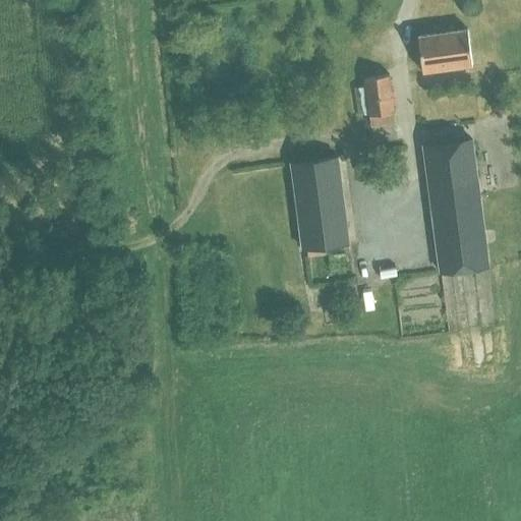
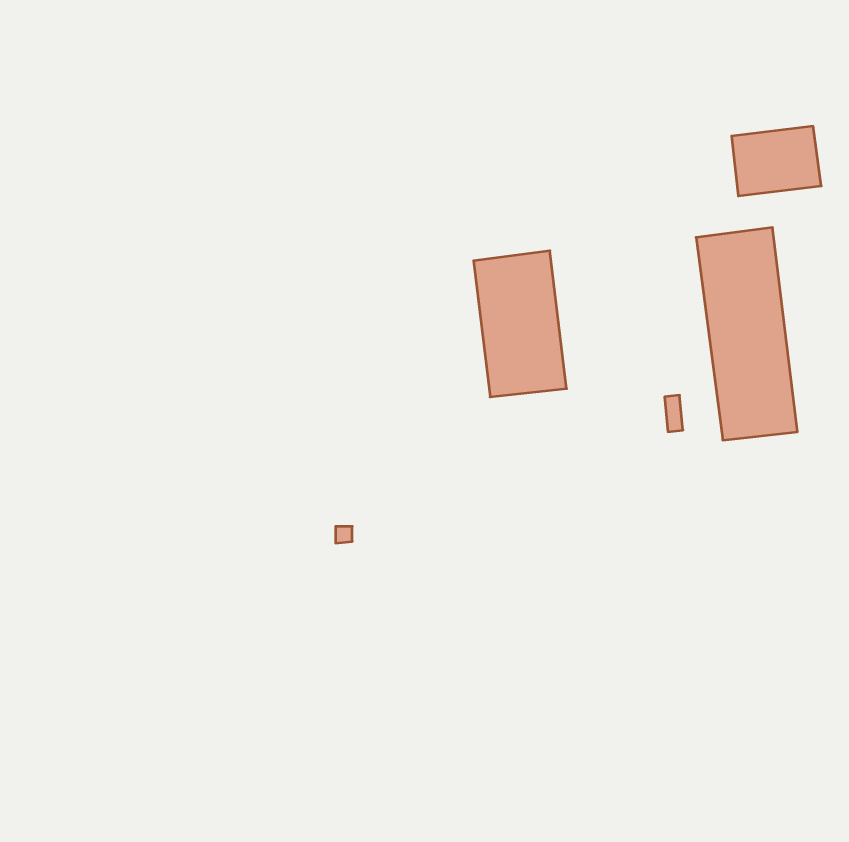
building: [418,31,473,73] -> [732,126,821,196]
building: [354,77,396,127] -> none

